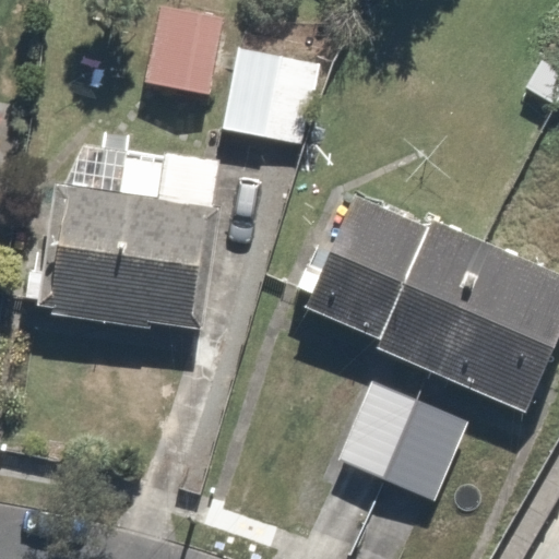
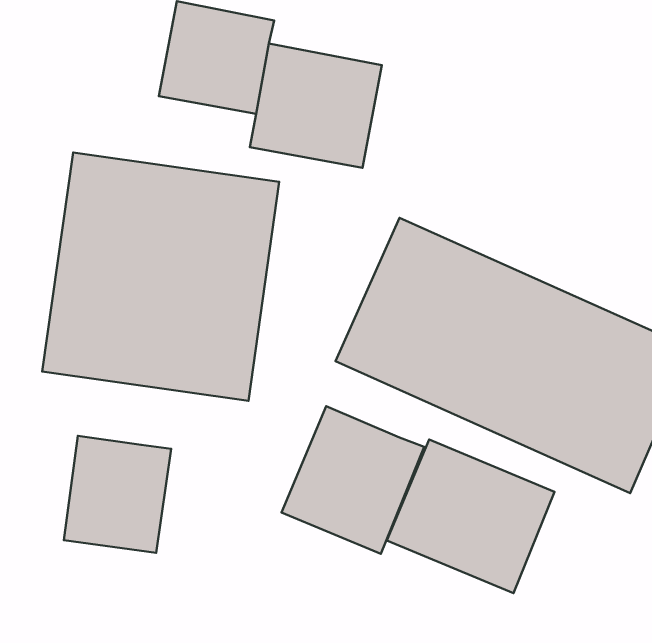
building: none -> [281,406,424,554]
building: none -> [64,436,171,553]

